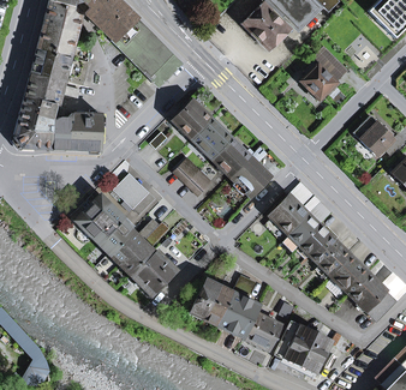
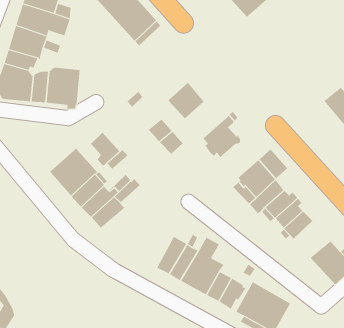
building: [300,47,347,100] -> none
building: [173,98,213,139] -> none
building: [211,138,253,176] -> none
building: [131,250,177,295] -> none
building: [330,254,369,293] -> none

